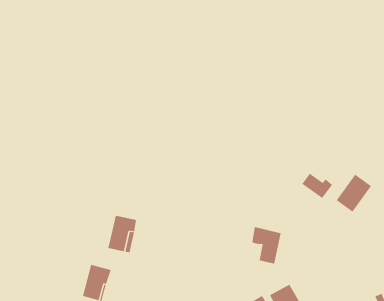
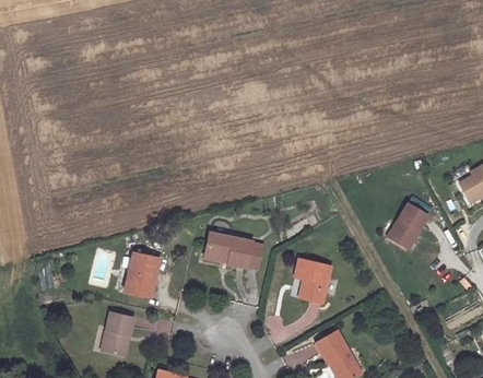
building: [302,173,333,199] -> none
building: none -> [202,232,261,269]

